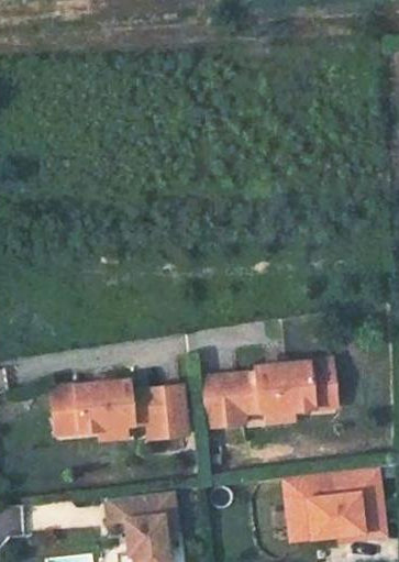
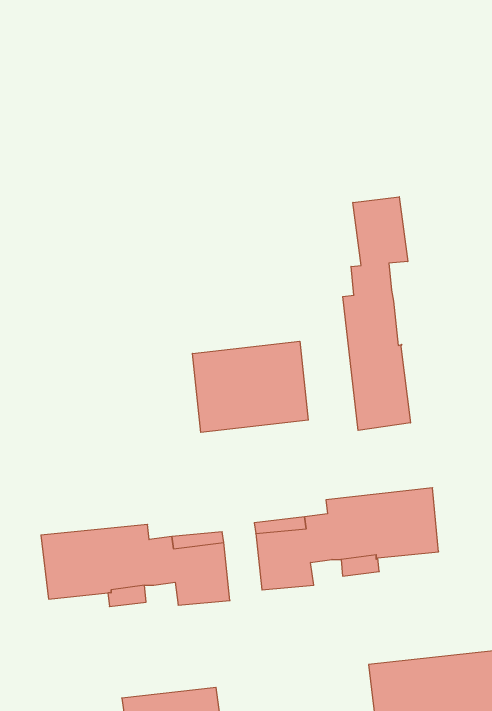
building: none -> [343,197,410,430]
building: none -> [192,341,308,432]

